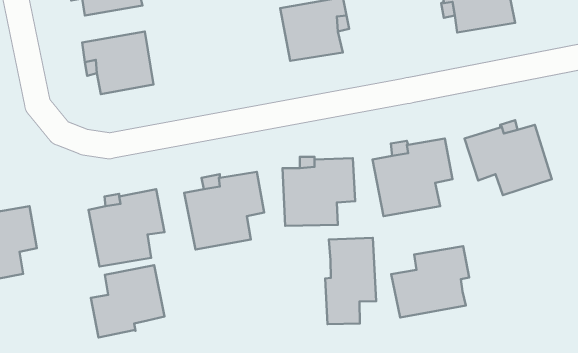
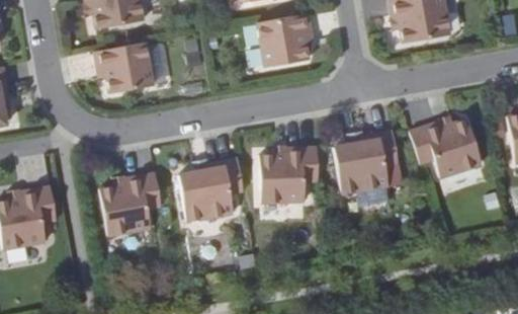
building: [325,238,376,324] -> none
building: [391,246,469,317] -> none
building: [91,265,164,338] -> none

